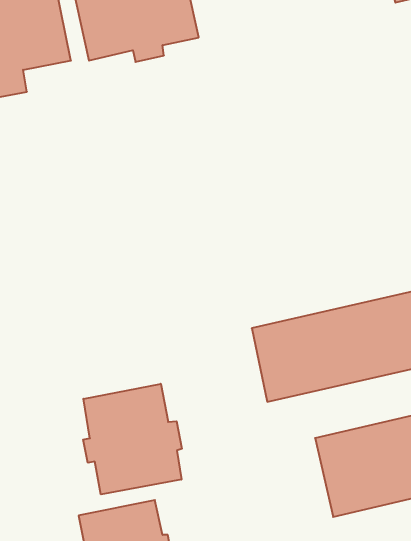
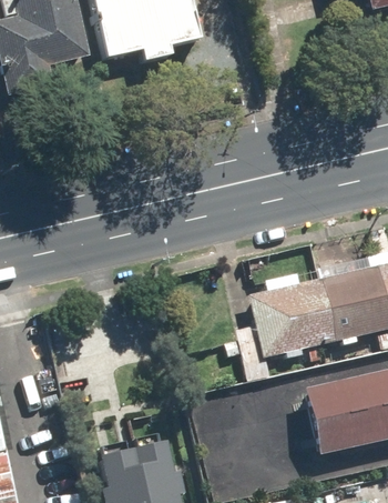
building: [83,384,182,494] -> none

